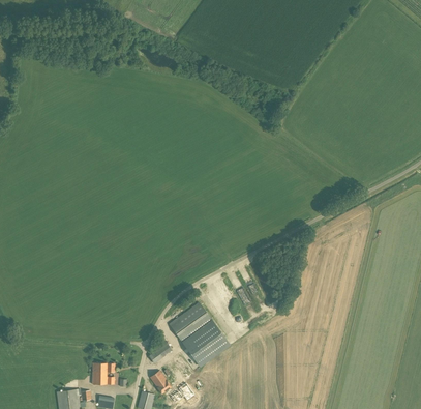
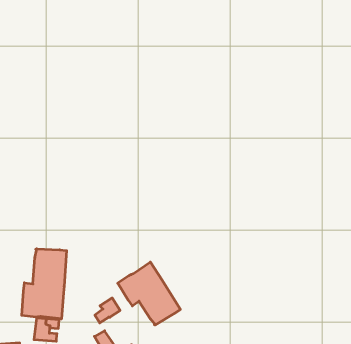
building: none -> [22,249,67,319]

